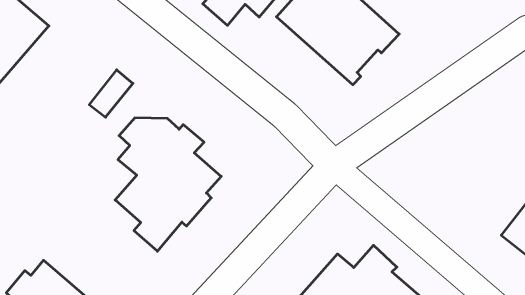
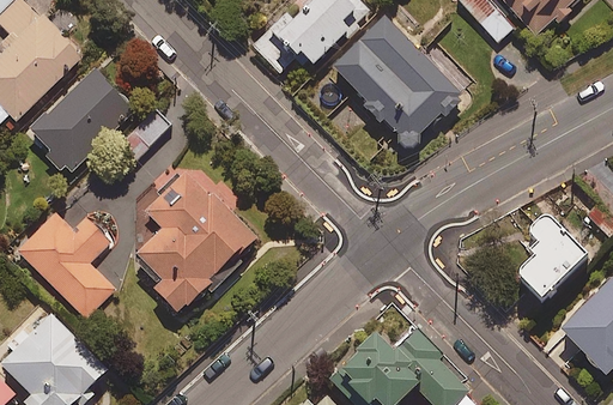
building: none -> [31,68,133,171]
building: none -> [521,218,588,300]
building: none -> [17,212,114,316]

